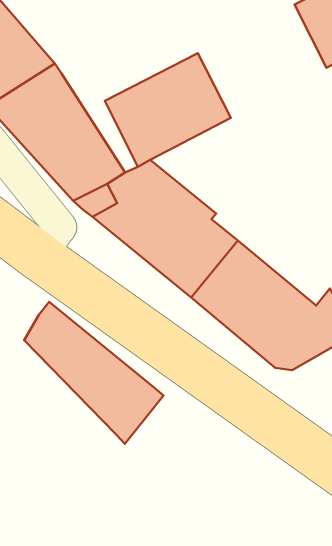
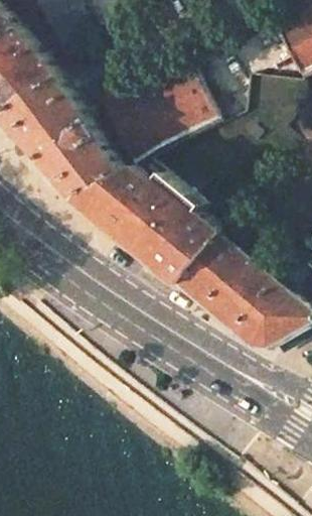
building: [24,302,163,444] -> none

